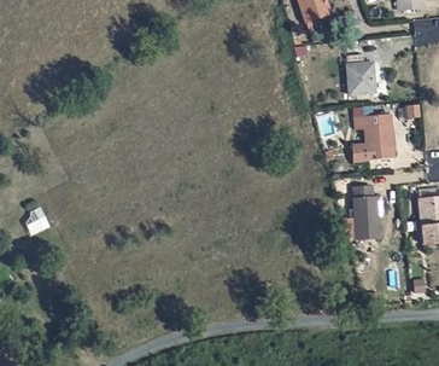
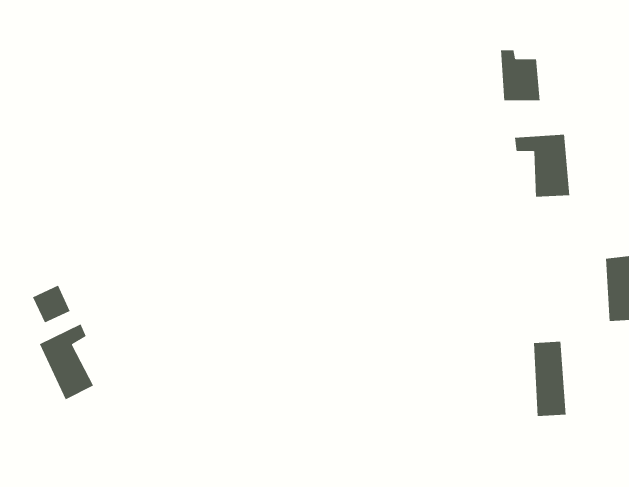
building: [352,184,375,236] -> [533,341,567,417]
building: none -> [39,323,94,400]

